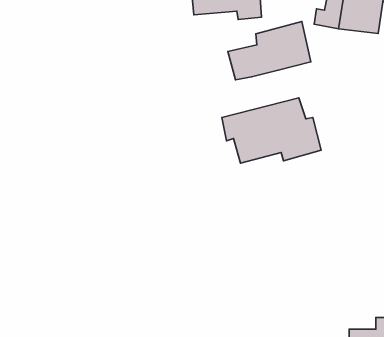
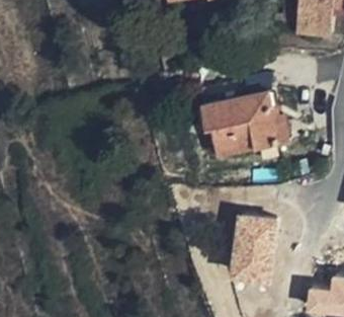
building: [228,22,311,80] -> none
building: none -> [232,216,274,283]

